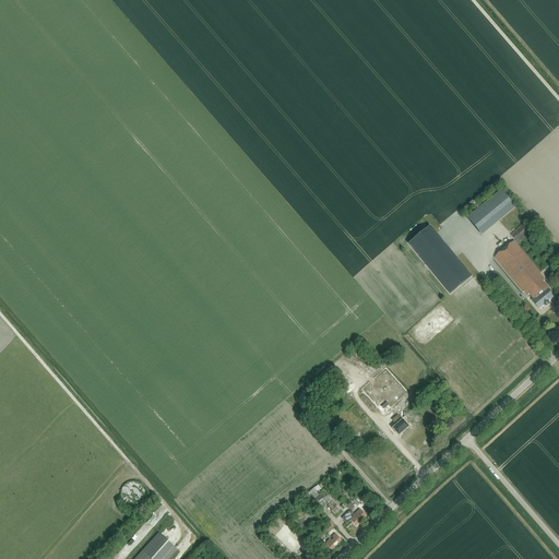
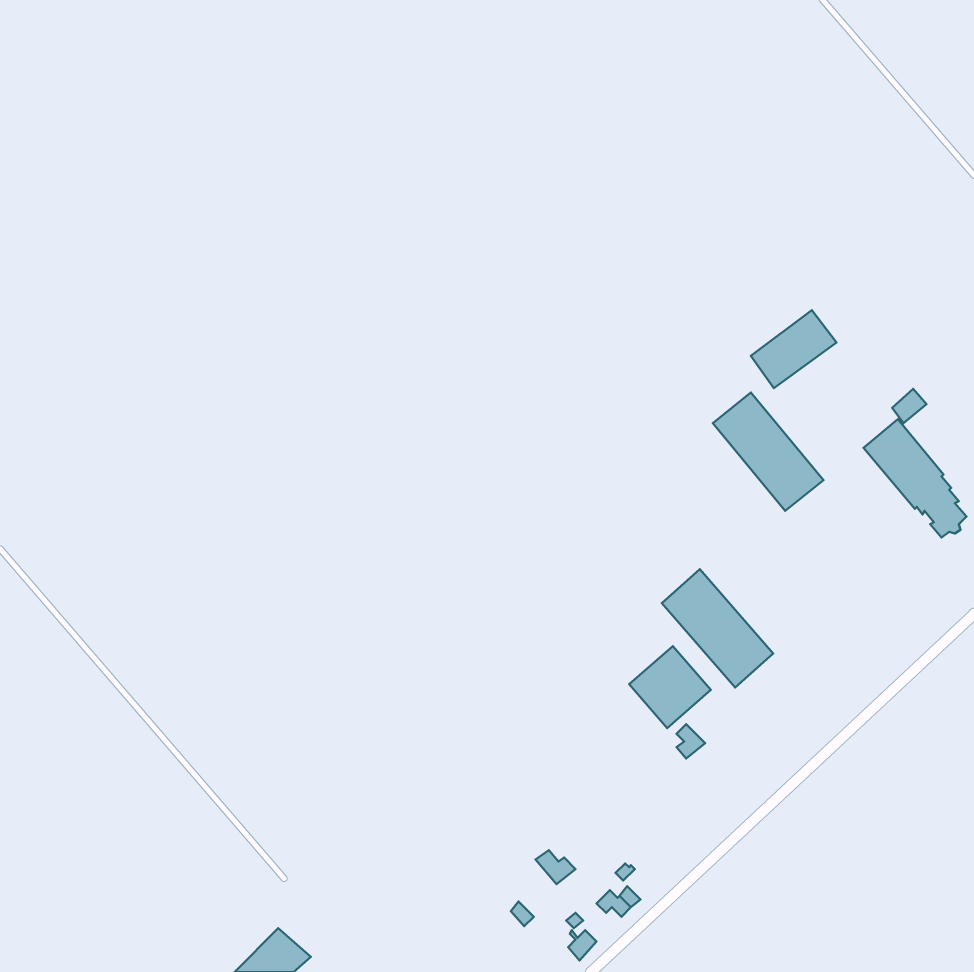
building: [466,189,515,234] -> [751,310,837,388]
building: none -> [662,569,773,687]

